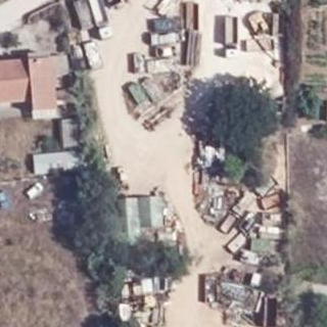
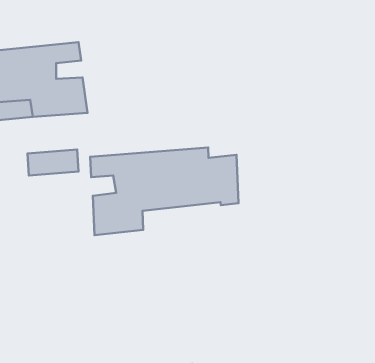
building: none -> [90,148,238,235]

